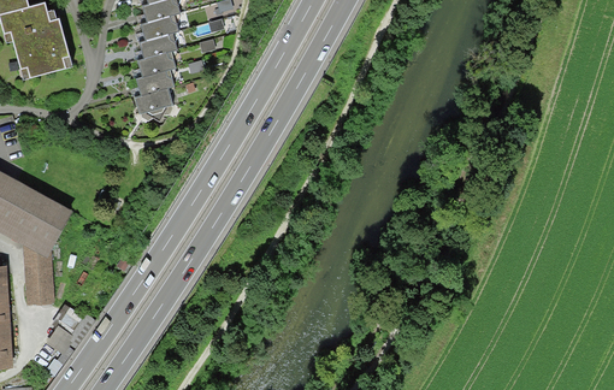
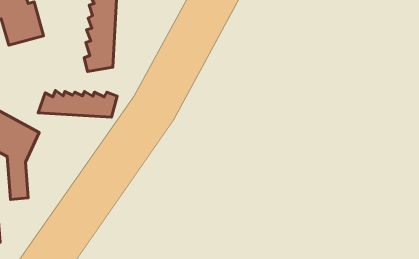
building: none -> [38,91,117,117]

